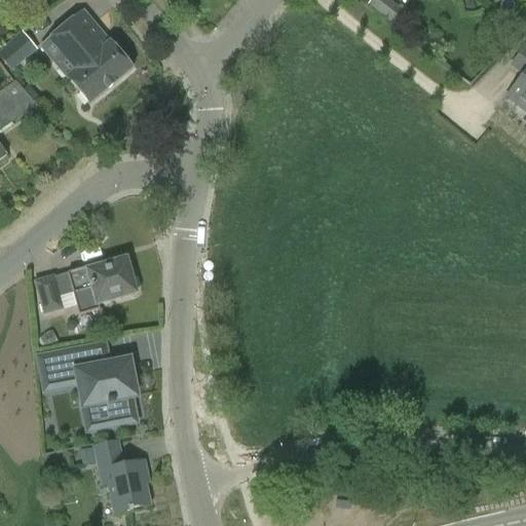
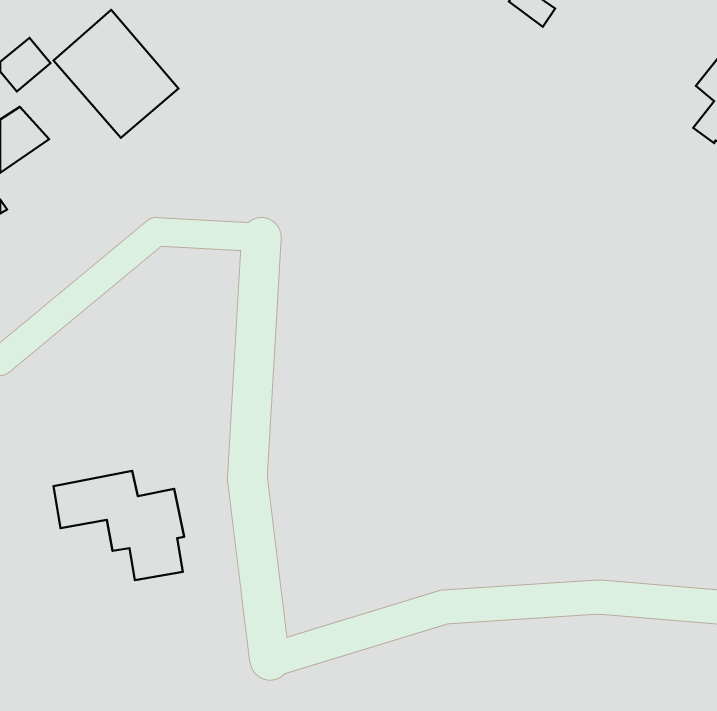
building: [68,257,140,312] -> none
building: [31,275,58,311] -> none
building: [93,436,150,512] -> none

